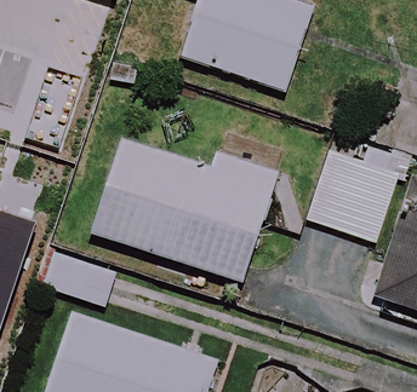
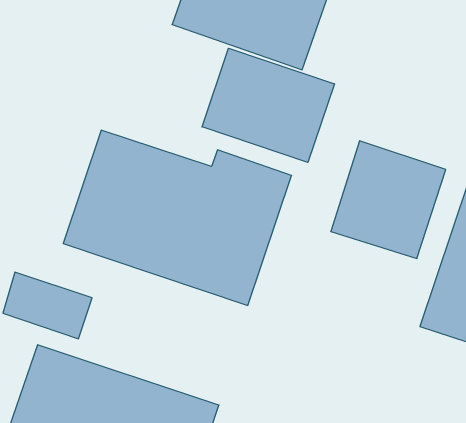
building: none -> [202,48,334,162]

